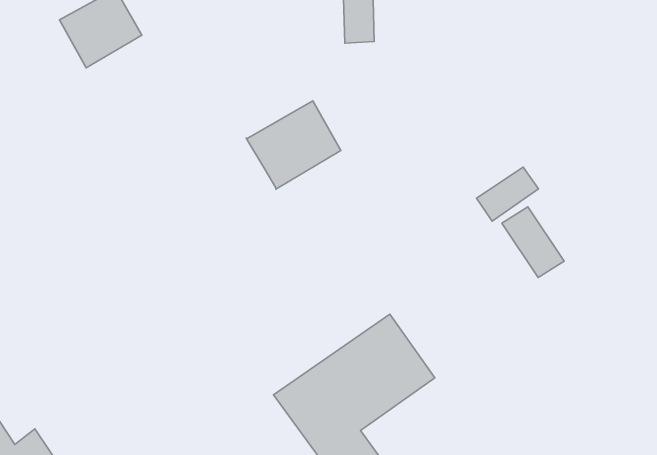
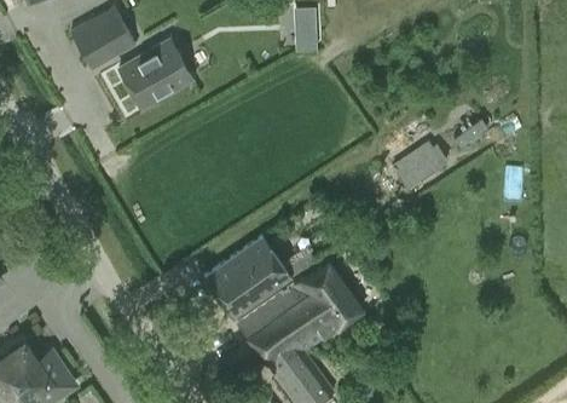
building: [246,101,341,189] -> [118,41,192,110]
building: [502,207,564,278] -> none
building: none -> [206,237,293,318]

